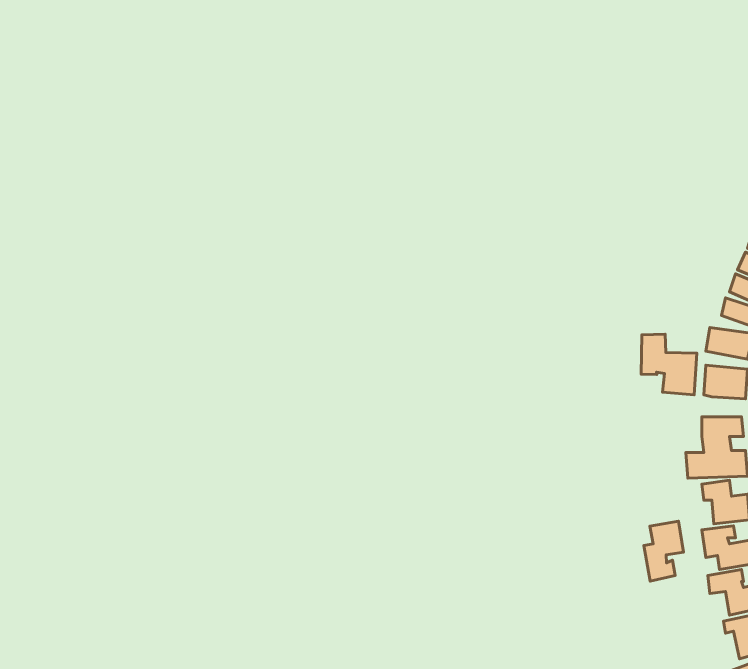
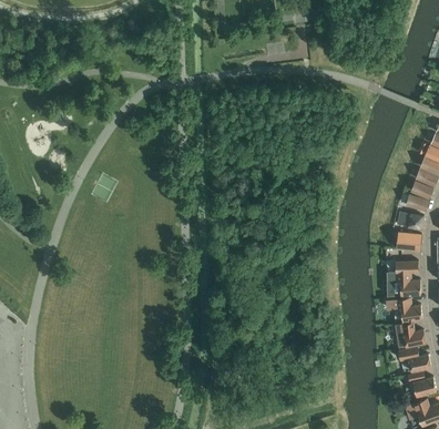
building: [641,334,697,395] -> none
building: [644,521,684,581] -> none

